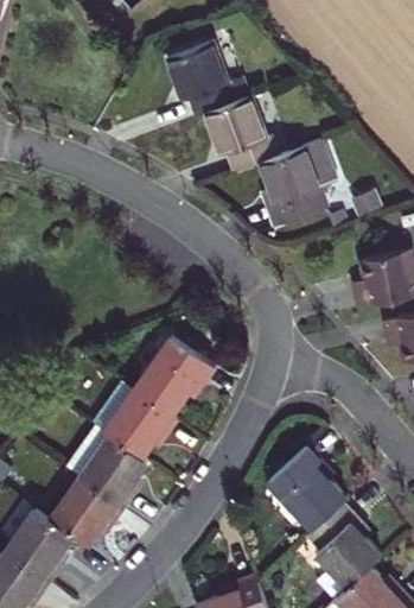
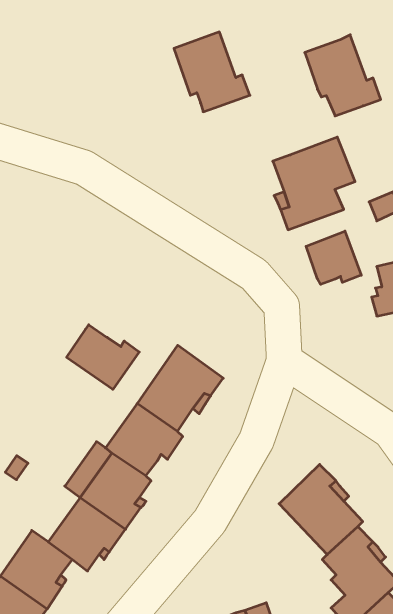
building: [205,96,276,172] -> [305,35,381,116]
building: none -> [306,231,361,284]
building: none -> [67,325,139,389]

